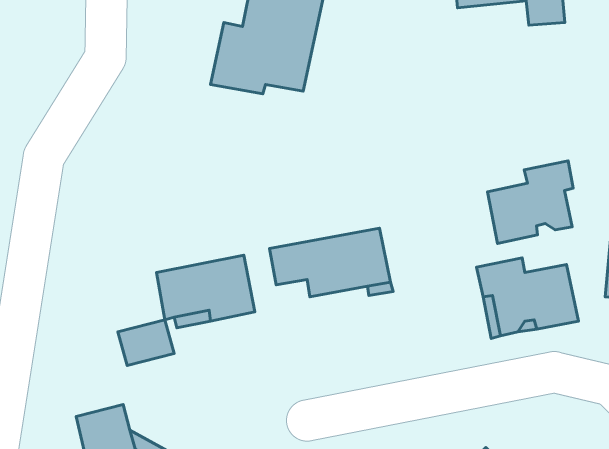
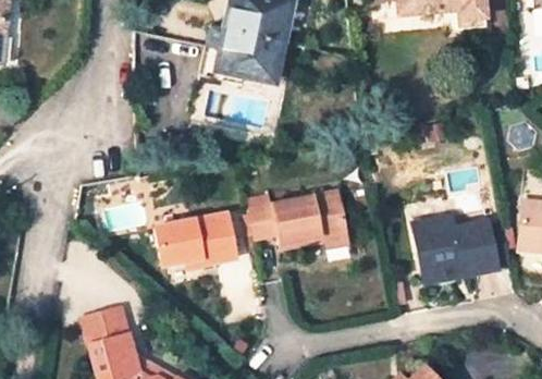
building: [487,161,573,243] -> none
building: [118,320,174,365] -> [83,307,128,344]

